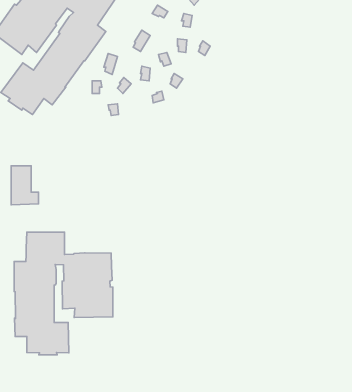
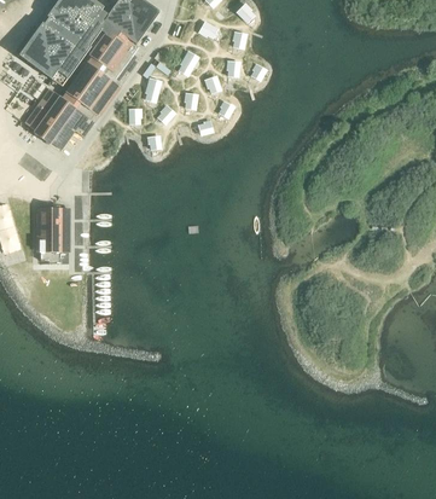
building: [14,232,113,355] -> none

